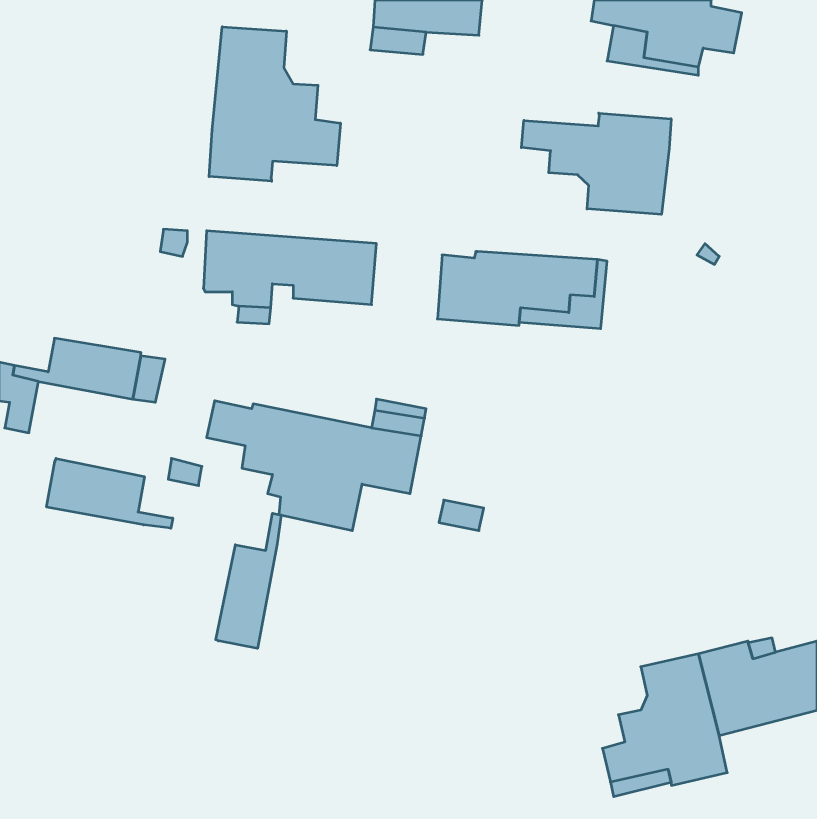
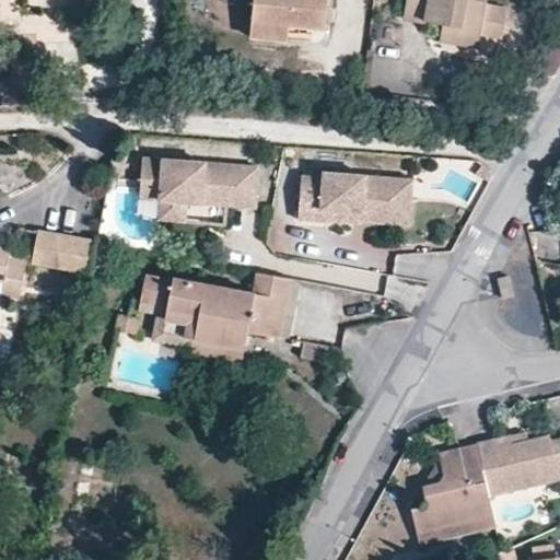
building: [209,27,340,181] -> none
building: [521,113,671,214] -> none
building: [47,458,173,528] -> none
building: [216,513,281,648] -> none

